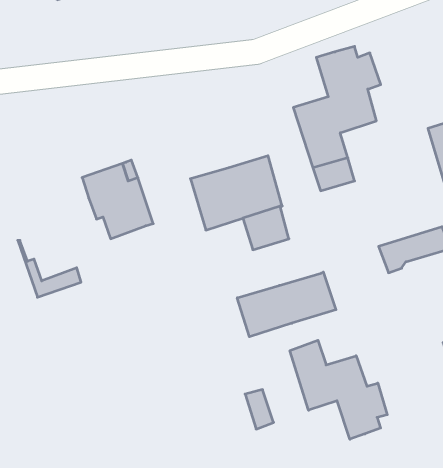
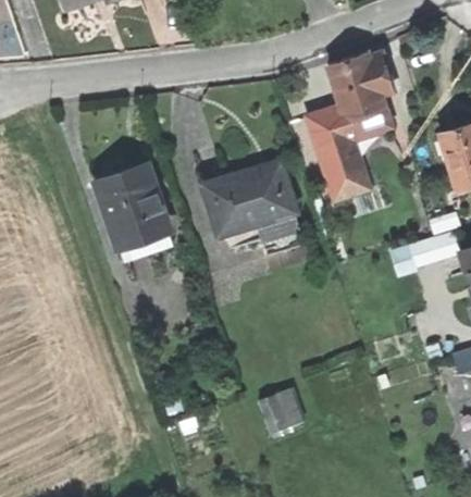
building: [18,240,81,297] -> [101,203,164,260]
building: [237,272,336,337] -> none
building: [290,340,387,439] -> none

